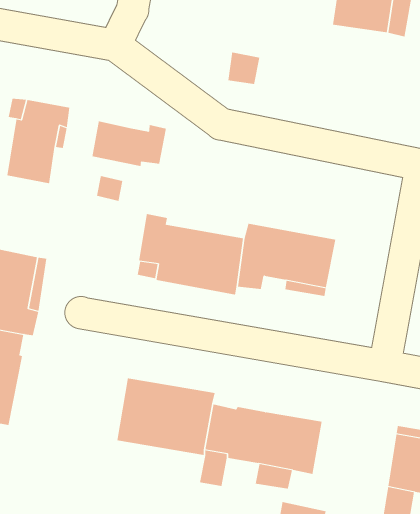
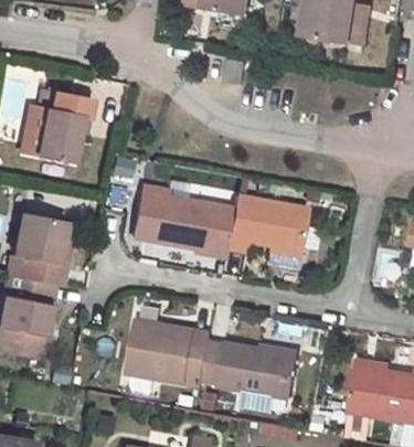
building: [92,121,166,167] -> none

